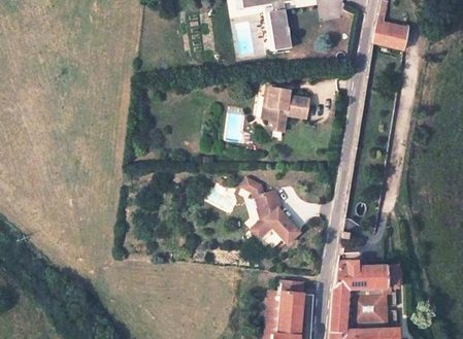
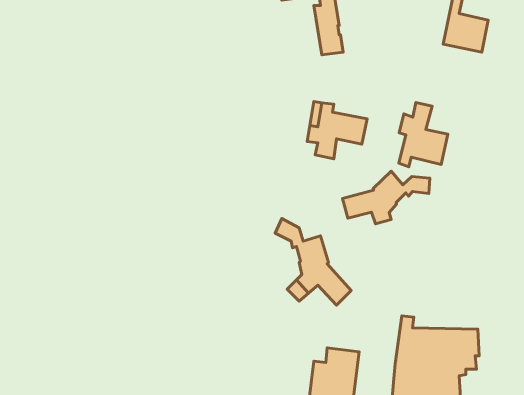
building: none -> [399,103,448,167]
building: none -> [343,171,430,224]

